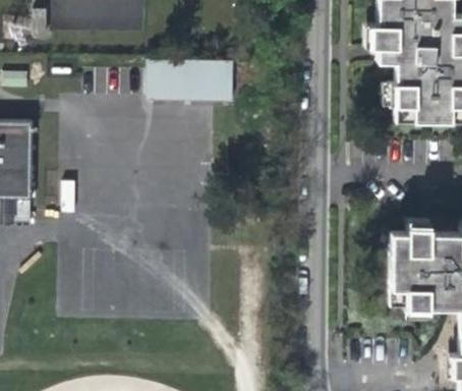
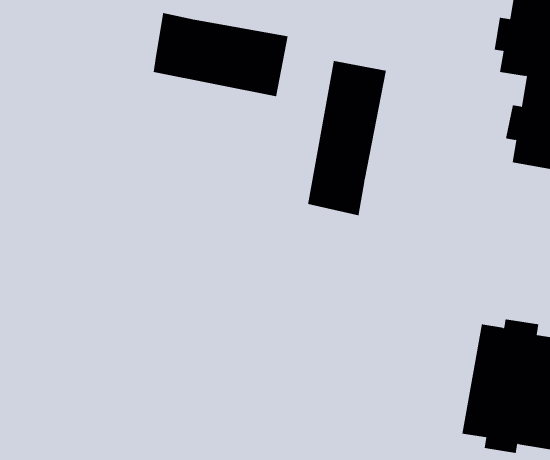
building: none -> [308,60,386,216]

